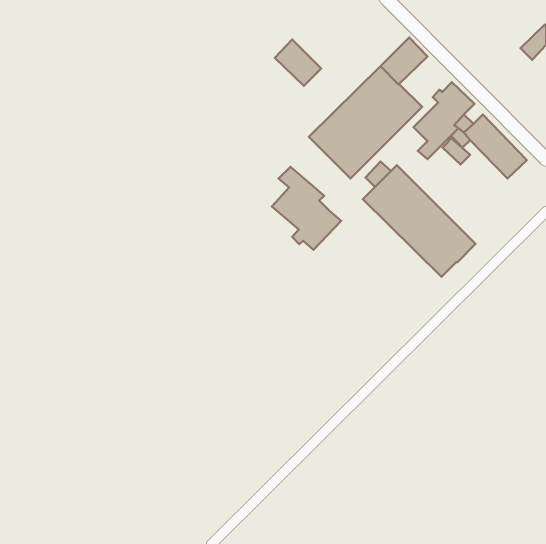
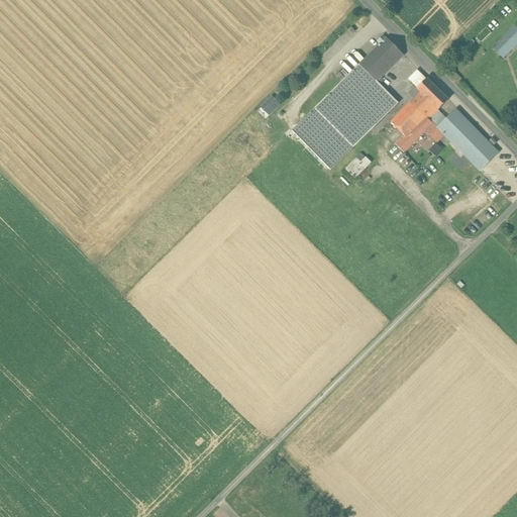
building: [275,39,321,86] -> none
building: [363,165,476,277] -> none
building: [272,167,341,250] -> none

